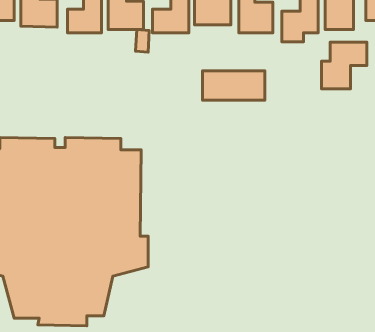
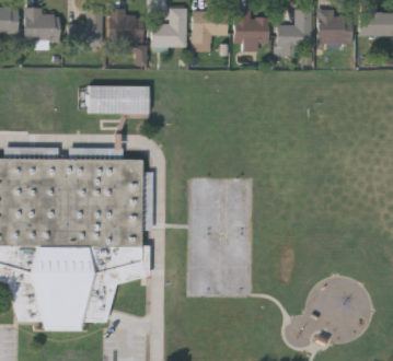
building: [322,42,367,89] -> none
building: [202,71,265,100] -> [89,85,149,114]

